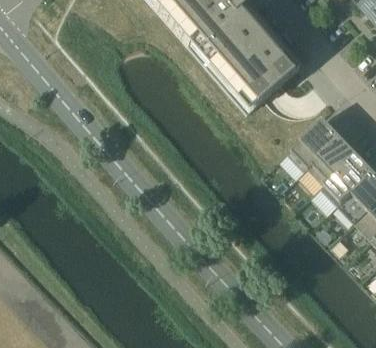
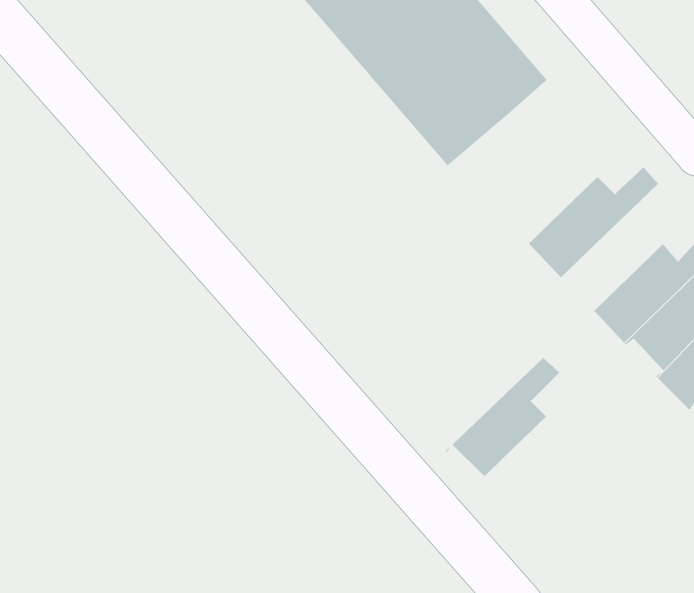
building: [304,121,364,187] -> [445,357,560,484]

